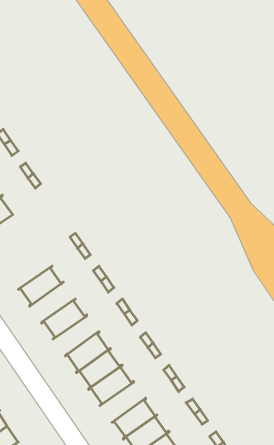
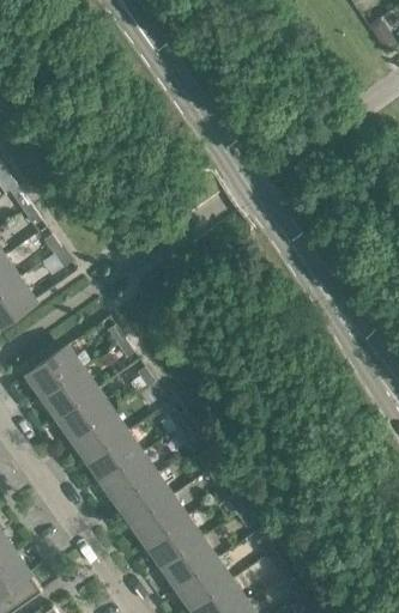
building: none -> [28,347,84,397]
building: none -> [55,388,114,439]
building: none -> [85,431,144,482]
building: none -> [145,516,204,568]

